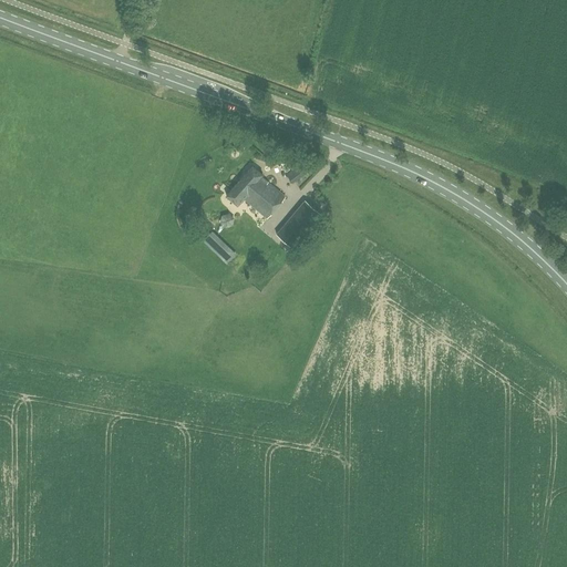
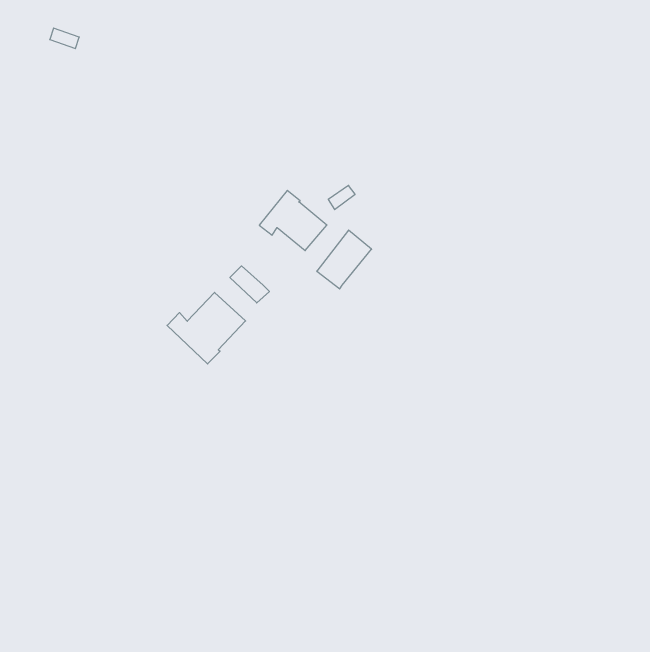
building: none -> [167,292,246,364]

